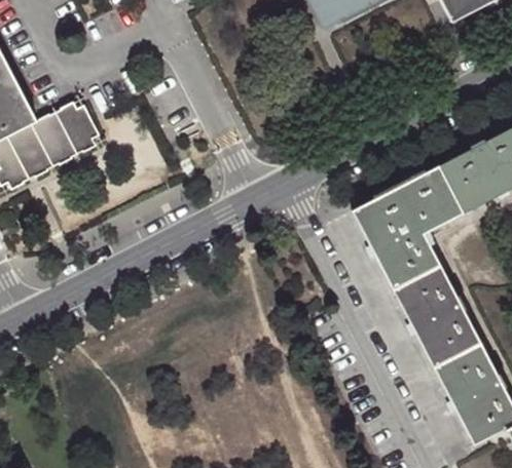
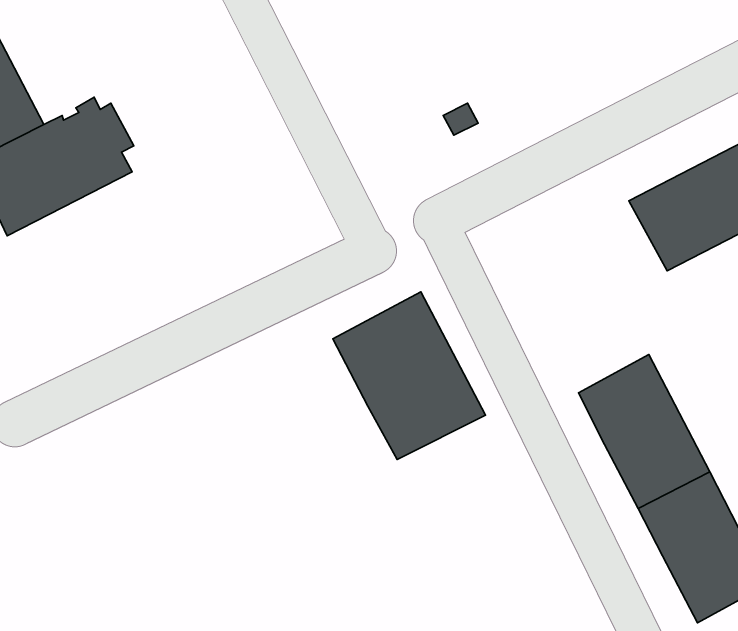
building: [352,169,458,299] -> none
building: none -> [333,292,485,460]

